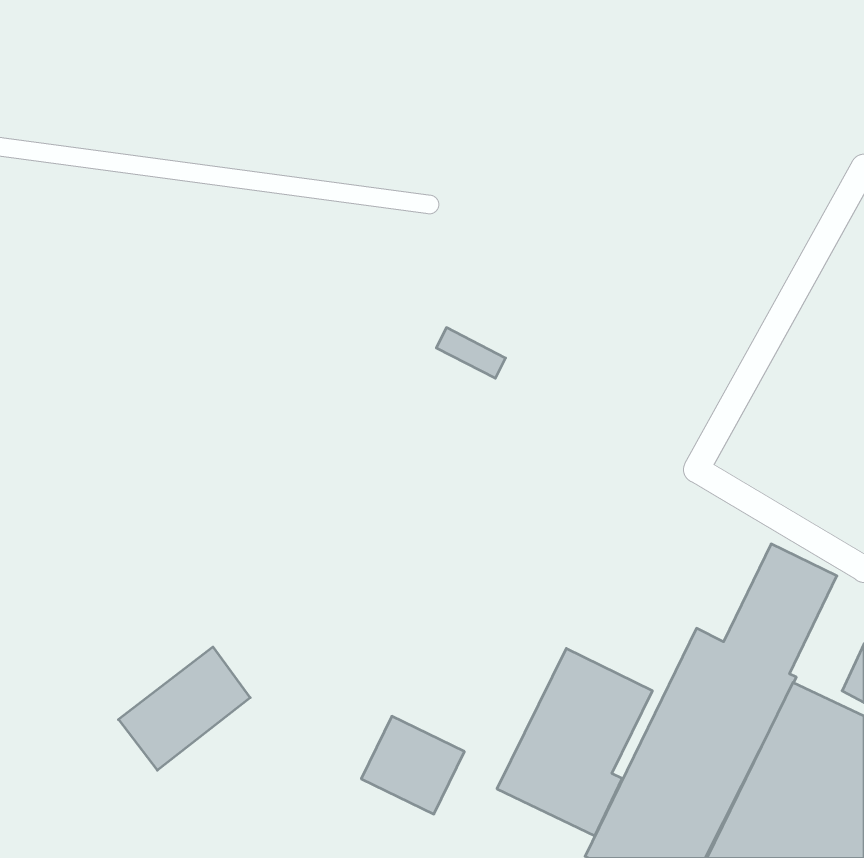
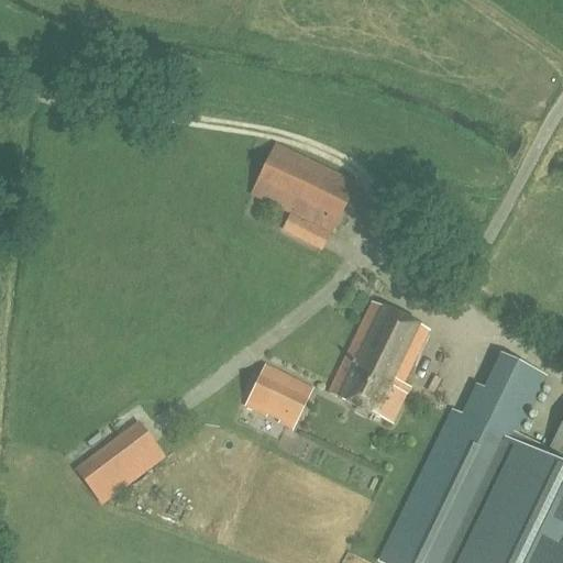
building: none -> [253,144,353,230]
building: [497,648,652,836] -> [328,300,429,422]
building: [361,716,464,814] -> [245,363,312,427]

